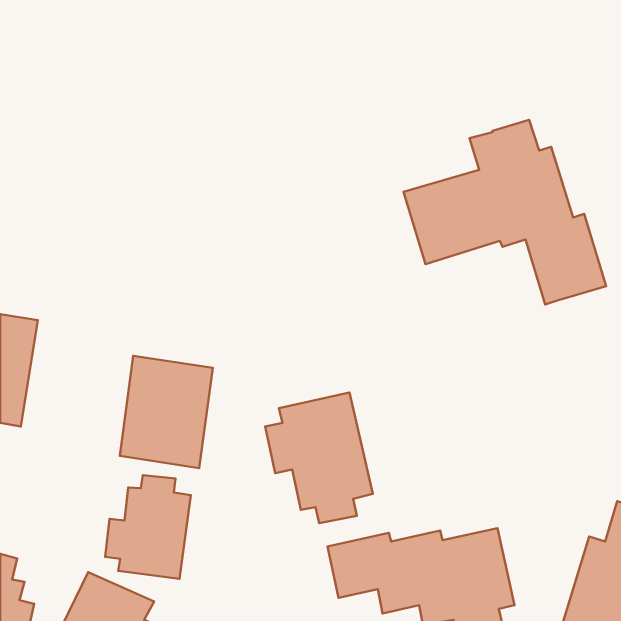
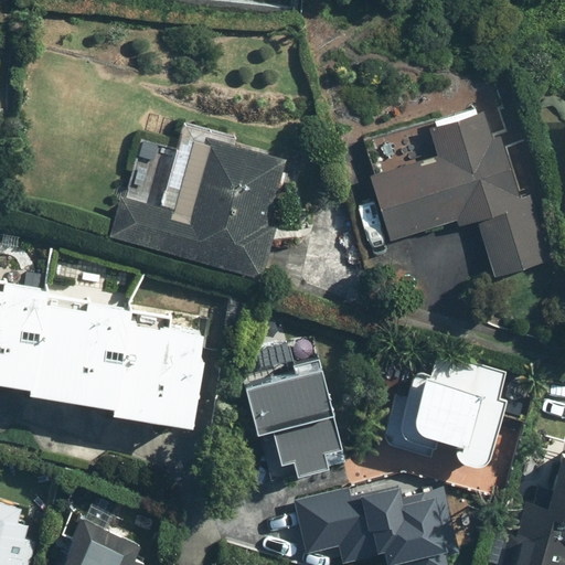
building: none -> [110,137,289,277]
building: none -> [28,303,120,408]
building: none -> [395,358,504,466]
building: [105,475,191,579] -> none

